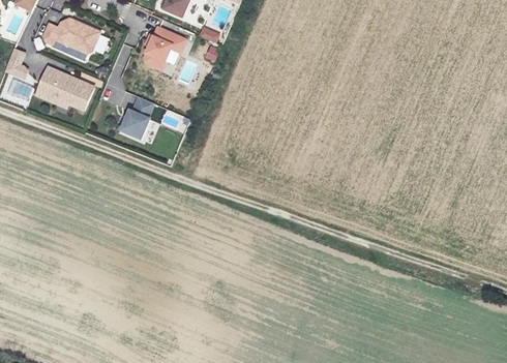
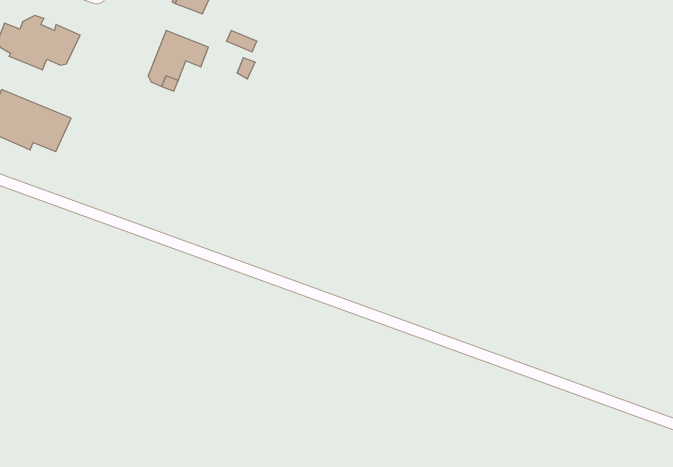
building: [121,96,153,139] -> none

